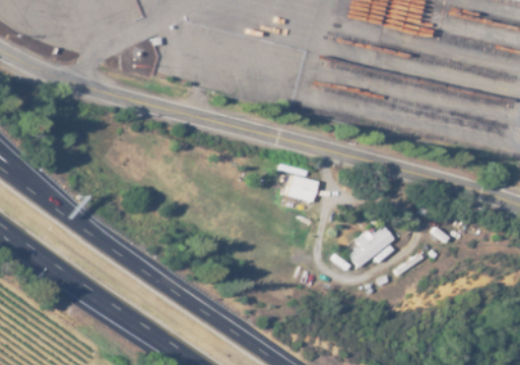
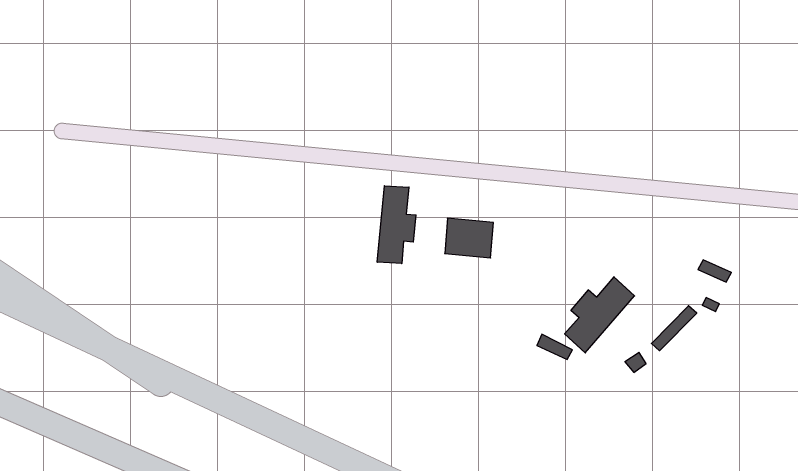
building: none -> [377,186,416,264]

